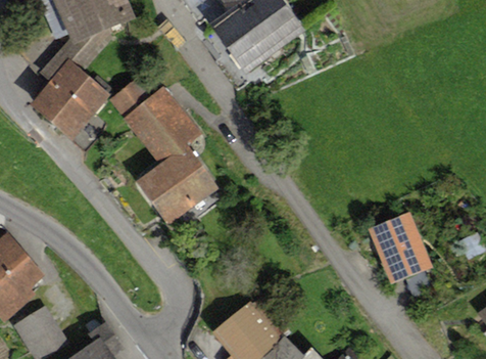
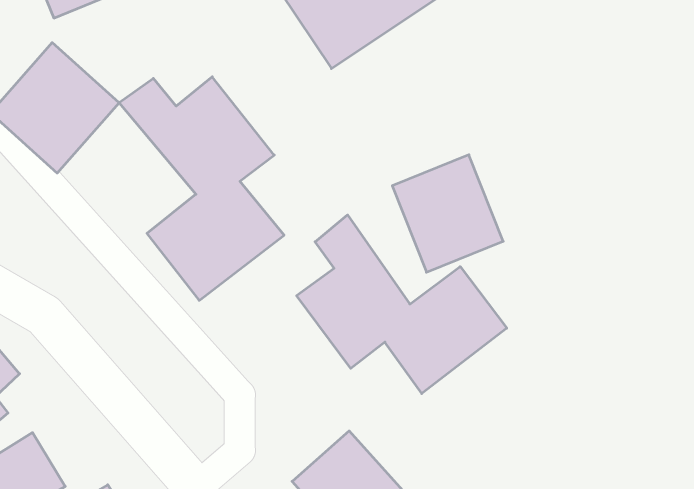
building: none -> [297,215,507,394]
building: [362,211,432,284] -> [392,155,503,272]

